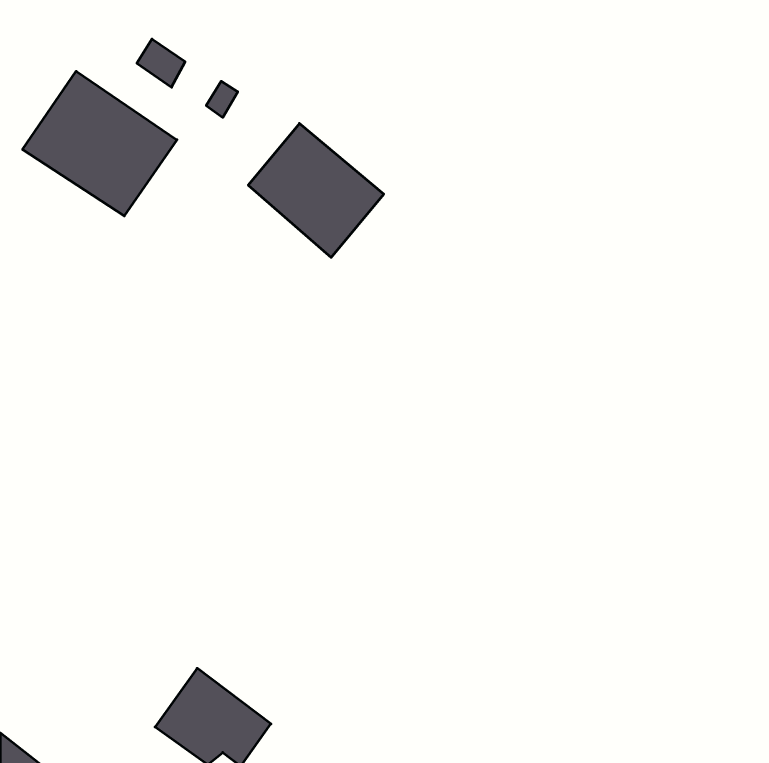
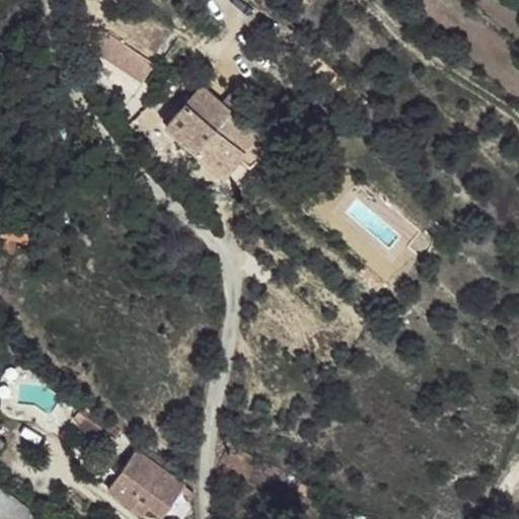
building: [23,71,177,216] -> none

